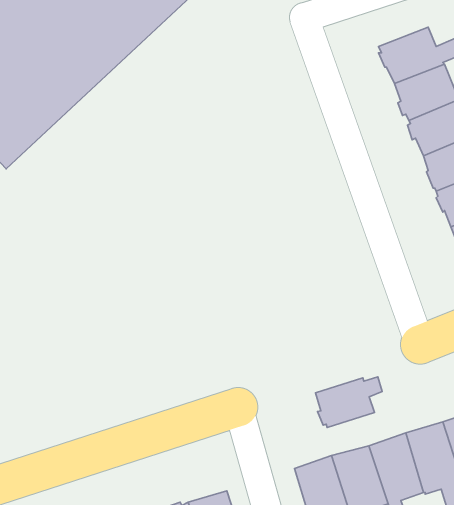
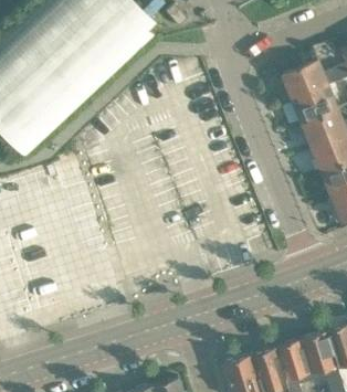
building: [316,377,382,428] -> none

